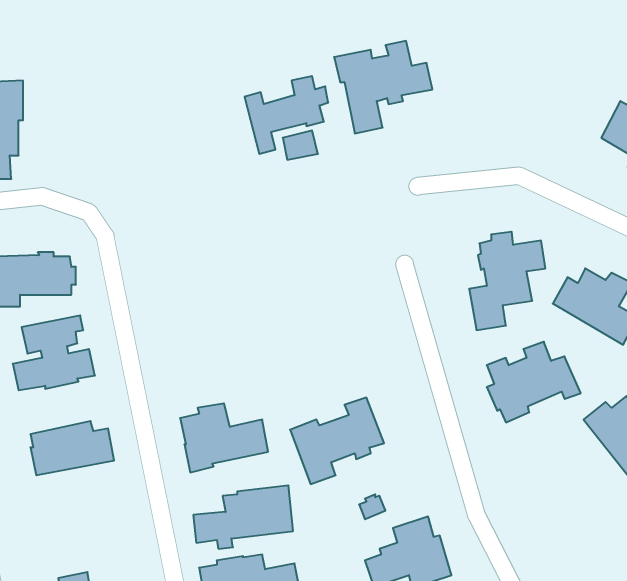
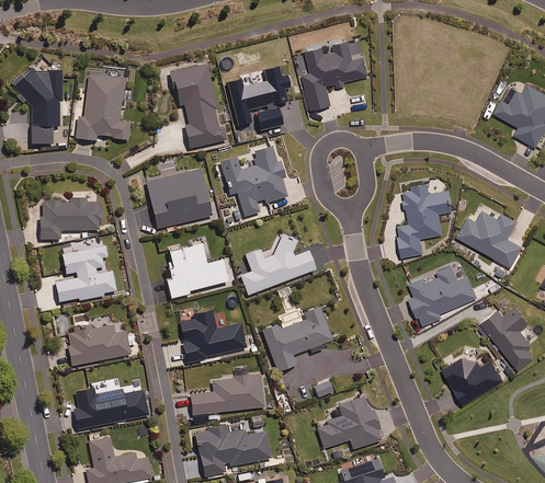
building: none -> [171,64,227,148]
building: none -> [76,74,130,140]
building: none -> [220,146,287,216]
building: none -> [146,169,212,228]
building: none -> [240,233,316,295]
building: none -> [167,243,228,298]
building: none -> [443,357,502,405]
building: none -> [73,388,148,429]

